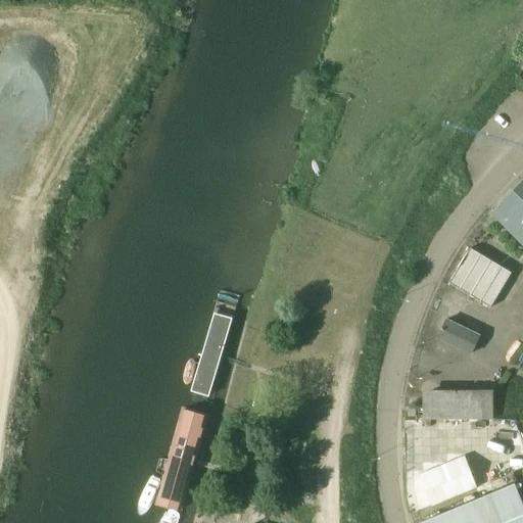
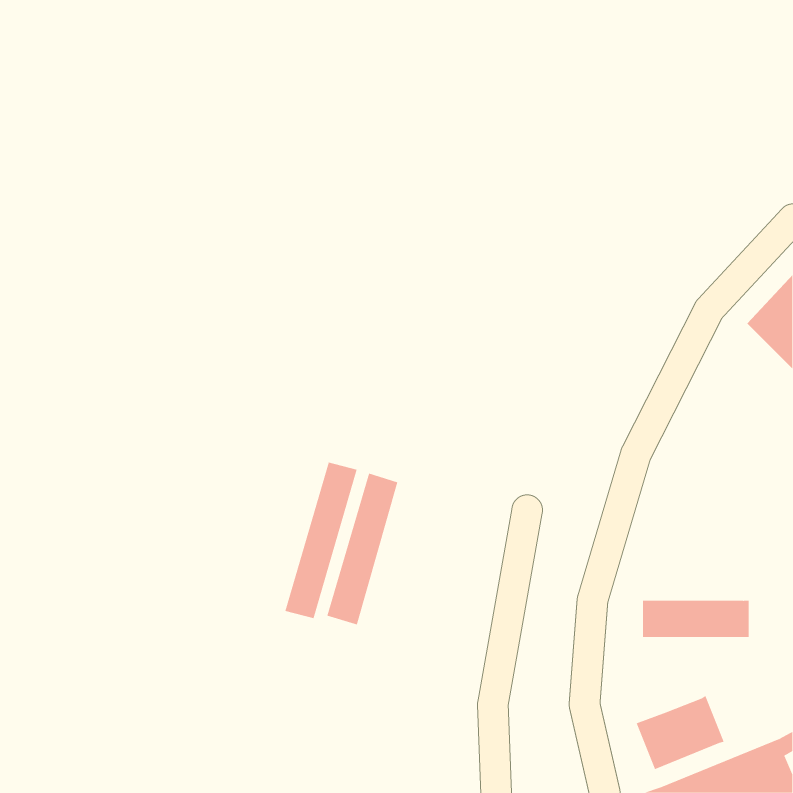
building: [447,246,510,305] -> none
building: [436,320,476,353] -> none
building: [159,409,206,509] -> [327,473,398,625]

